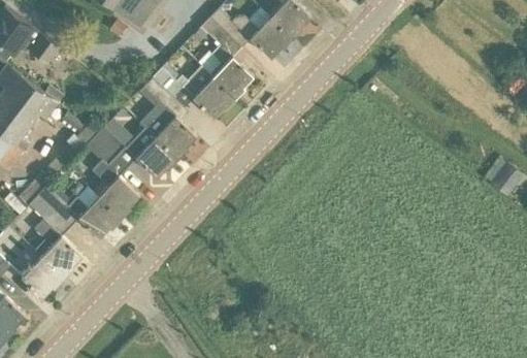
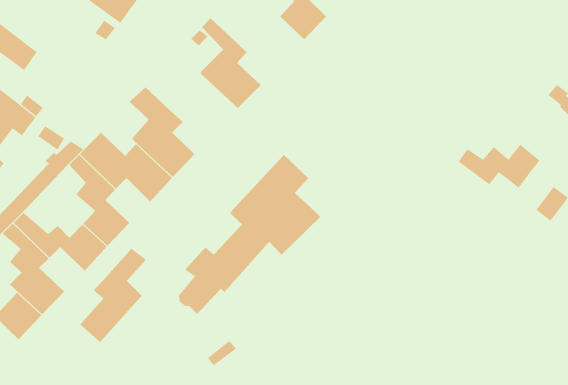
building: [209,8,291,58] -> none
building: [153,66,233,119] -> none
building: none -> [458,144,540,188]
building: none -> [178,154,321,315]
building: none -> [80,248,147,343]

